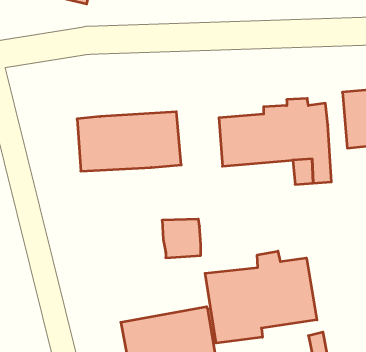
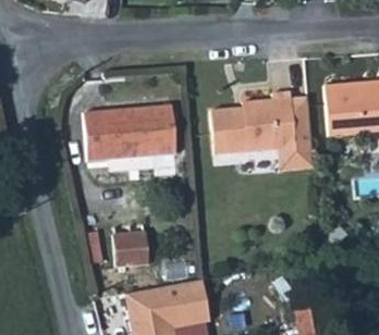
building: [162,219,201,258] -> [112,229,147,264]
building: [205,251,317,343] -> none

